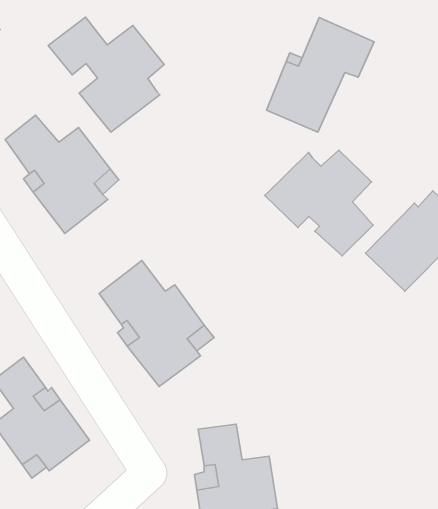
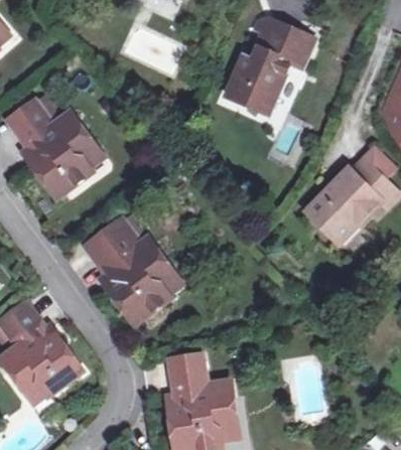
building: [48,17,164,132] -> none
building: [265,150,373,256] -> none

